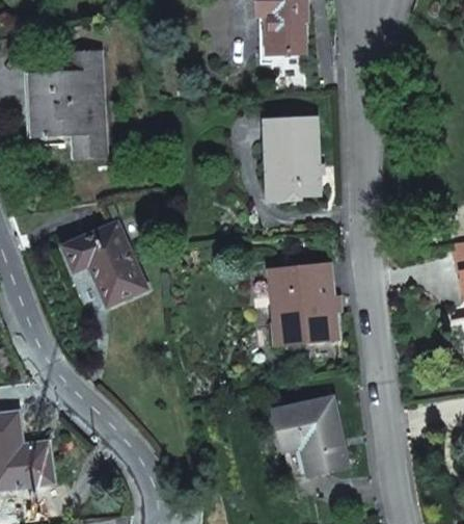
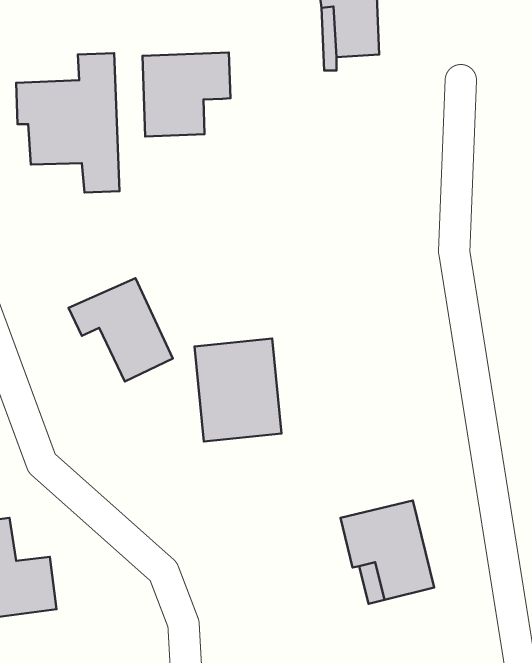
building: none -> [142,52,230,136]
building: [267,117,321,194] -> none
building: [270,264,337,344] -> [194,338,281,442]

